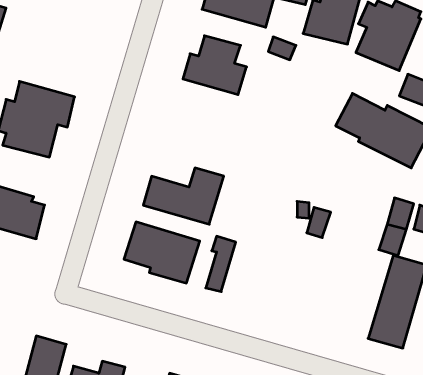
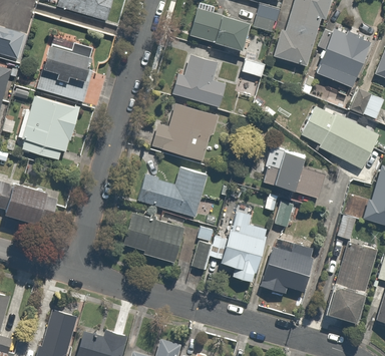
building: none -> [36,42,107,111]
building: none -> [152,102,218,161]
building: none -> [271,150,326,199]
building: none -> [210,210,267,283]
building: none -> [259,242,314,294]

